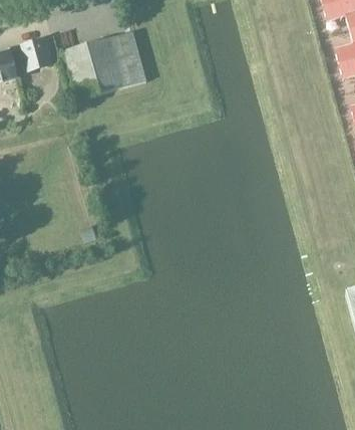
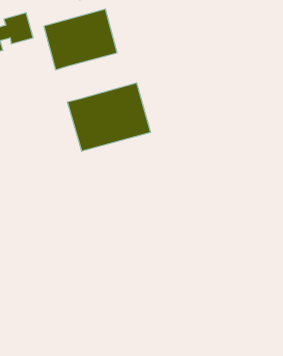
building: none -> [68,83,151,151]

